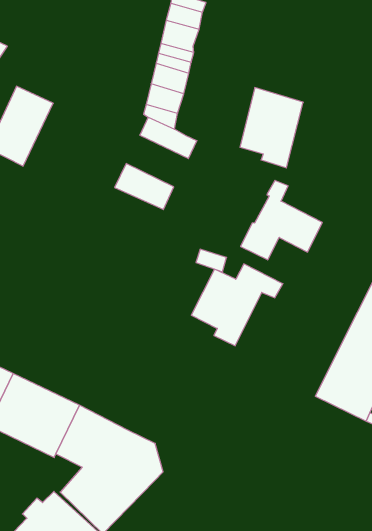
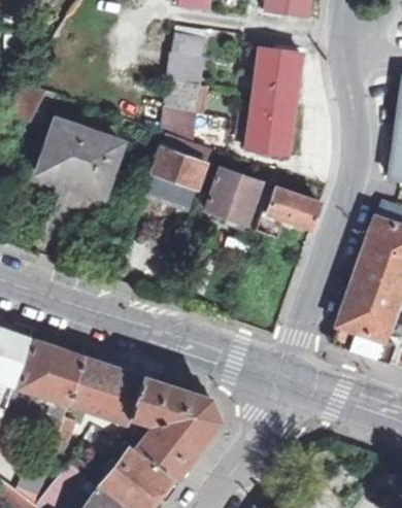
building: none -> [253,46,301,106]
building: none -> [70,132,122,198]
building: none -> [155,149,205,189]
building: [191,264,283,346] -> [206,161,278,229]

